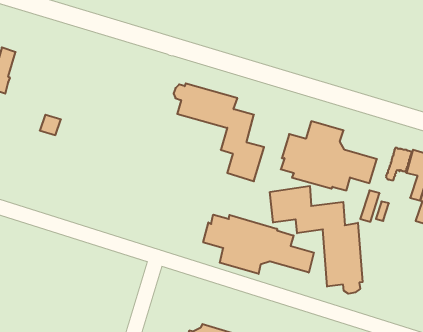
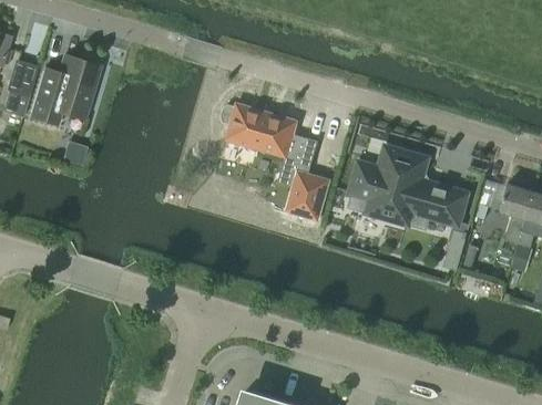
building: none -> [29,55,99,125]
building: [270,186,363,294] -> none
building: [203,215,314,274] -> none

